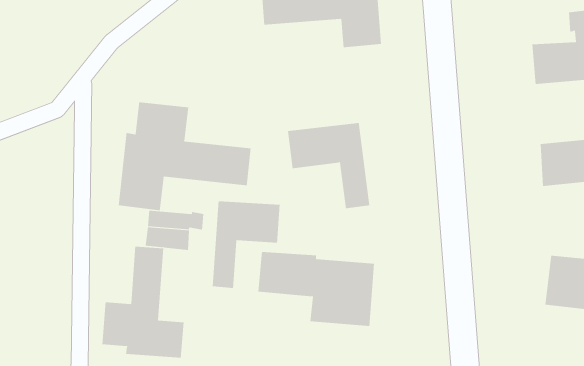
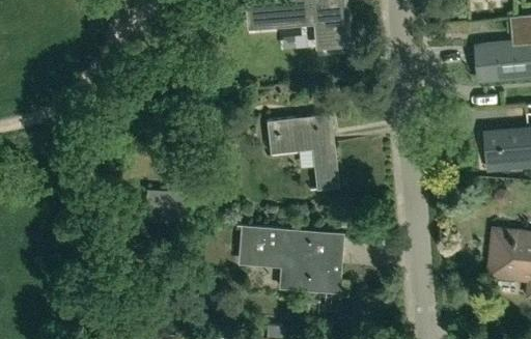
building: [118,101,251,211] -> none
building: [212,201,280,289] -> none
building: [102,246,184,358] -> none

